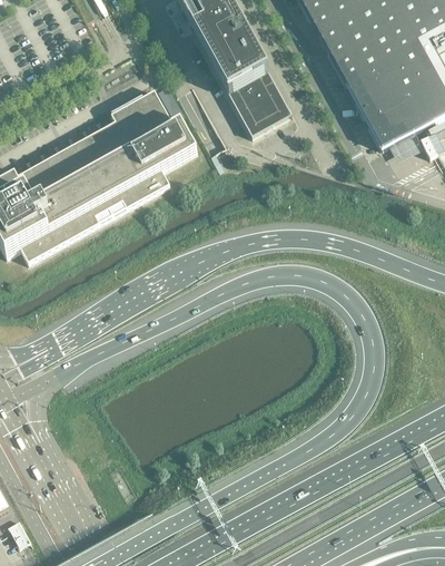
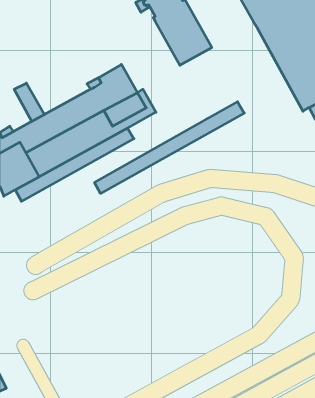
building: [227,66,291,133] -> none
building: none -> [14,83,44,121]
building: none -> [95,102,244,193]

